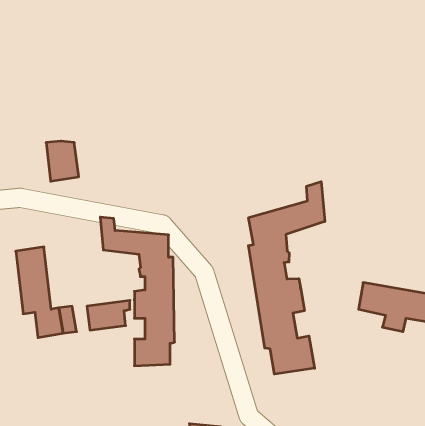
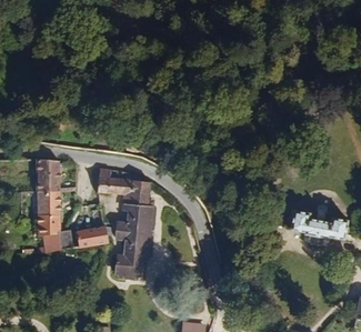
building: [46,141,79,181] -> [32,160,57,190]
building: [248,182,325,374] -> none

